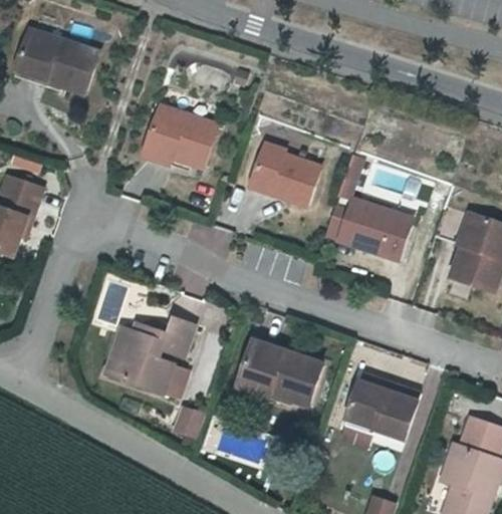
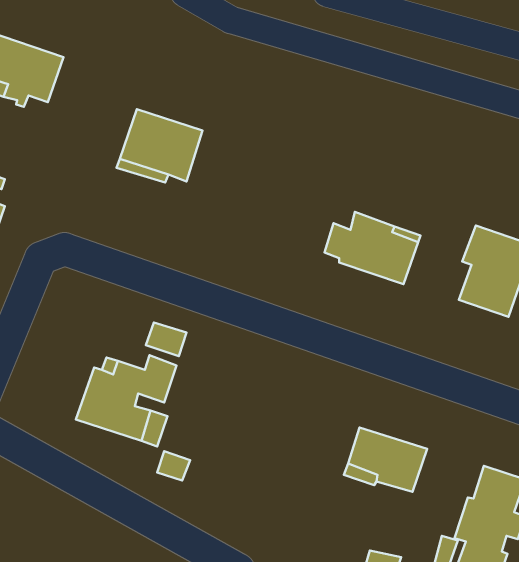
building: [250,142,319,201] -> none
building: [237,344,322,411] -> none

